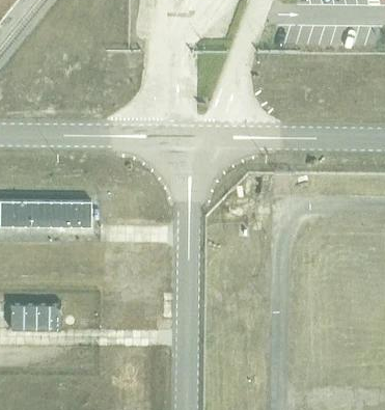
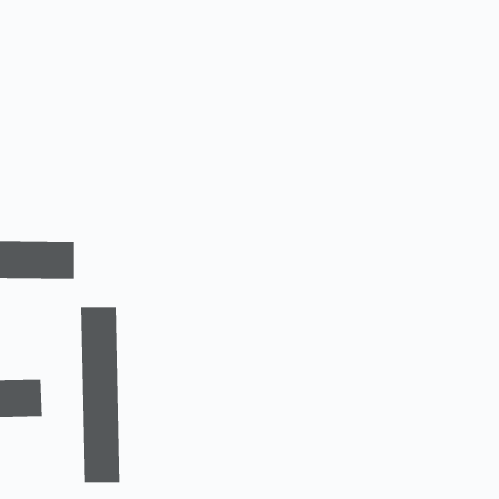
building: none -> [80,307,120,483]

